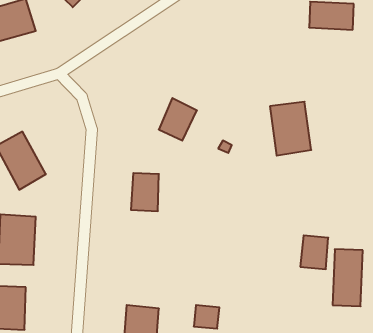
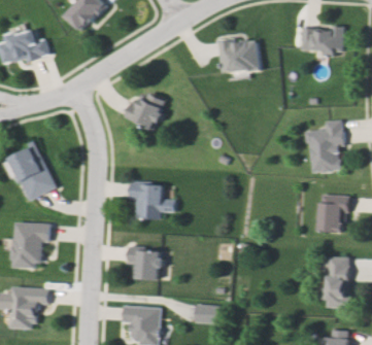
building: none -> [219,39,260,74]
building: [159,98,197,141] -> [132,92,167,131]
building: [270,102,311,156] -> [306,124,344,173]
building: [300,235,328,269] -> [317,203,343,234]
building: none -> [135,249,161,280]

